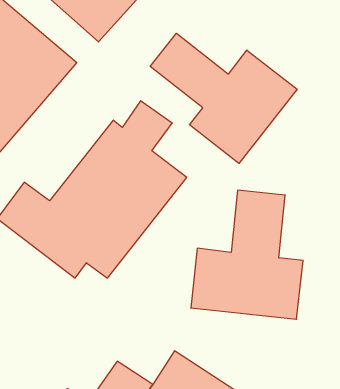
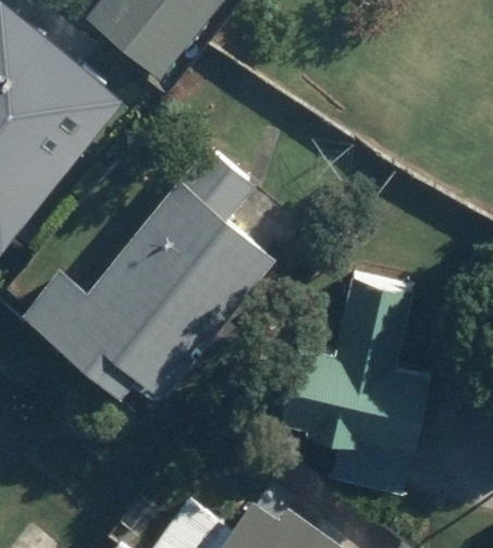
building: [150,33,297,163] -> none

